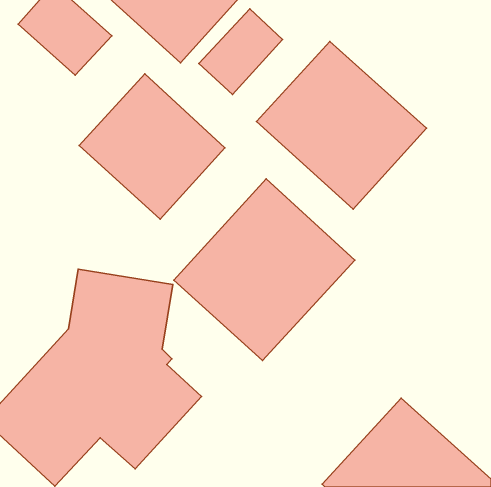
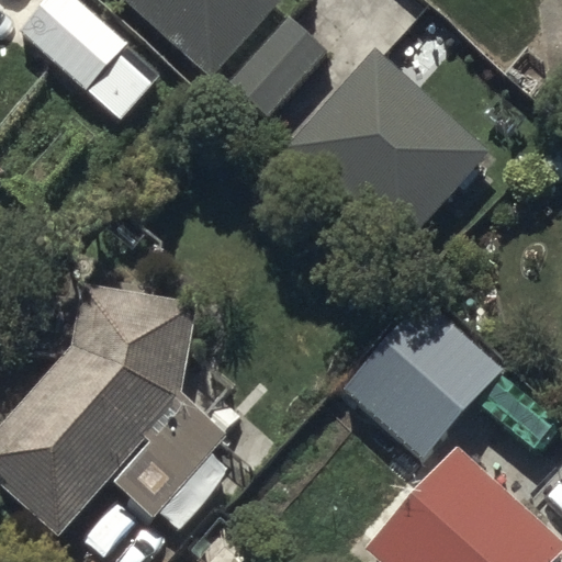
building: [79,74,225,219] -> none
building: [174,179,355,360] -> none
building: none -> [323,300,499,480]

